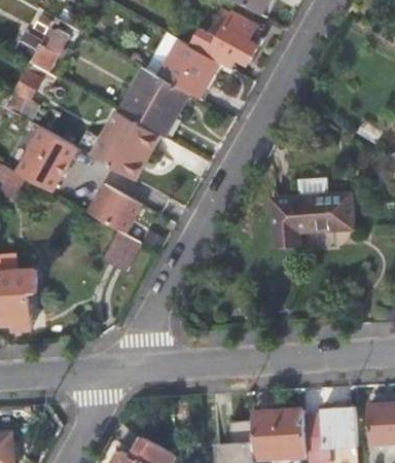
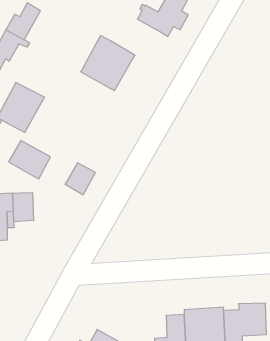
building: [159,41,217,99] -> none
building: [91,112,159,177] -> none
building: [87,185,140,234] -> [9,140,50,179]
building: [270,194,352,248] -> none
building: none -> [13,193,34,222]

